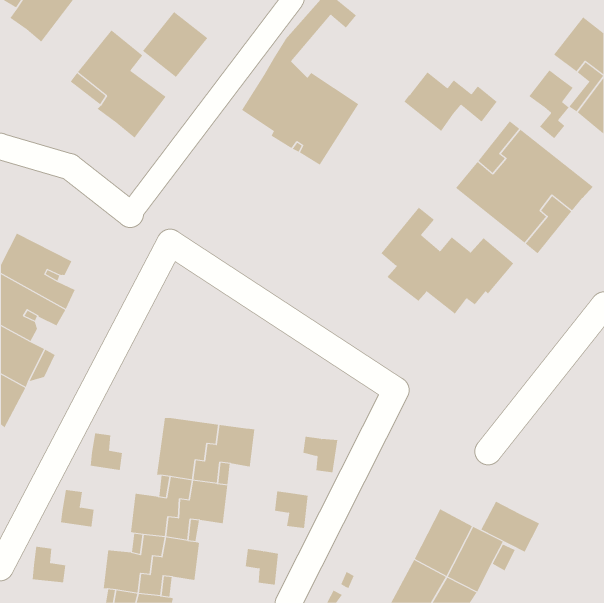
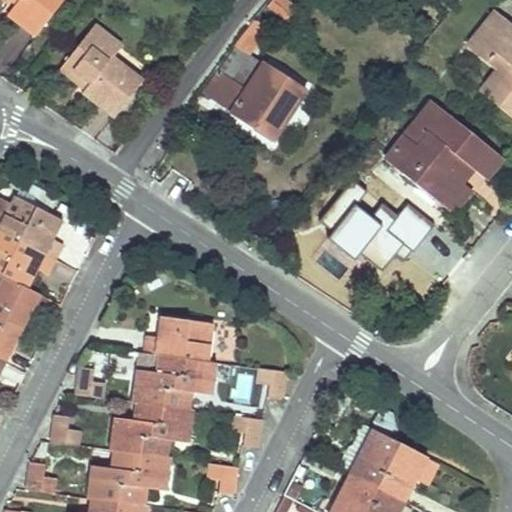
building: [142,11,208,78] -> none
building: [528,70,573,139] -> none
building: [404,71,498,132] -> none
building: none -> [143,316,213,362]
building: [481,501,540,552] -> none

